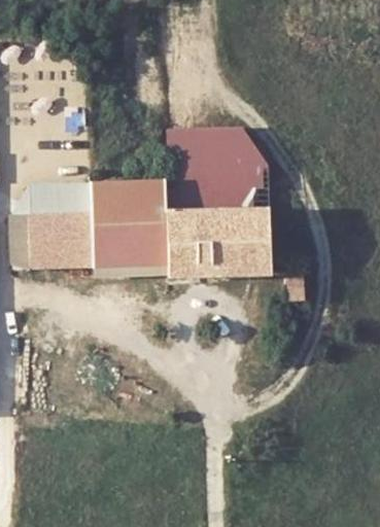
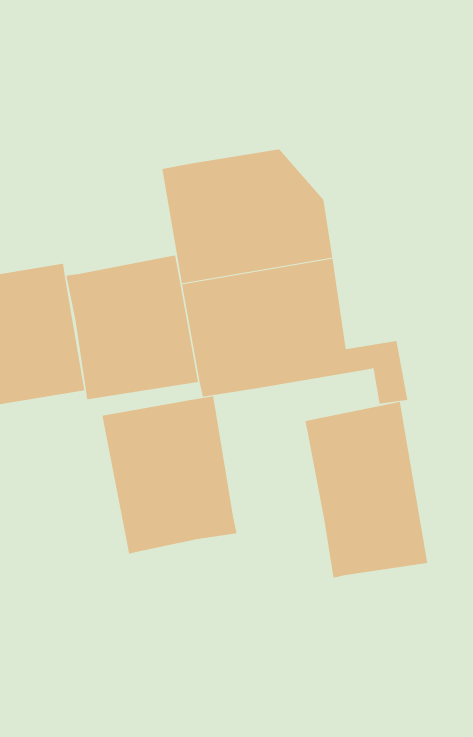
building: none -> [102,395,237,555]
building: none -> [305,401,428,579]

